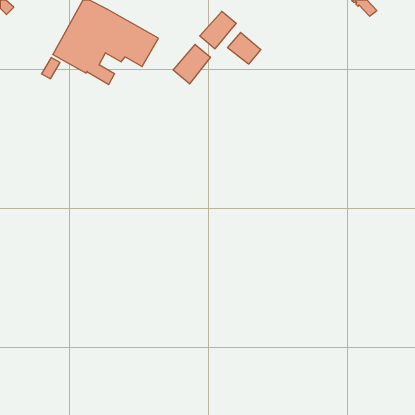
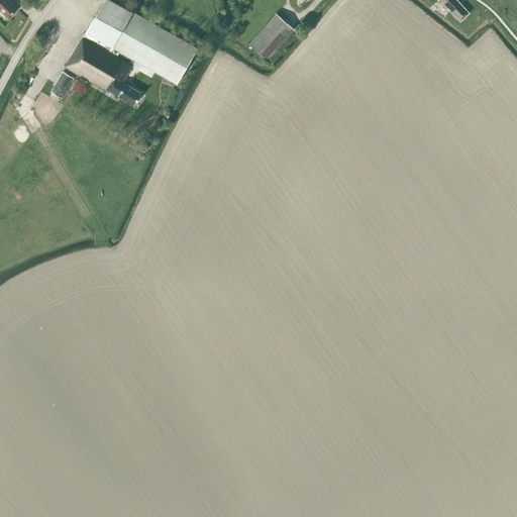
building: [228,32,261,64] -> none
building: [173,44,210,84] -> none

